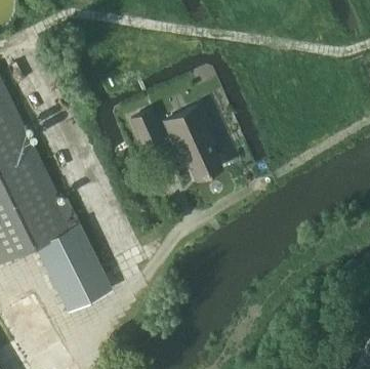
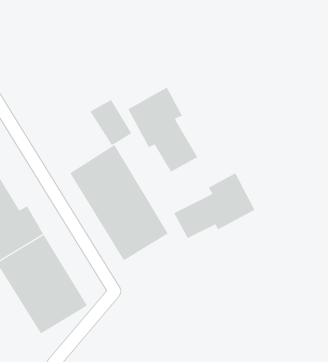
building: none -> [70,144,168,261]
building: none -> [174,172,255,239]

